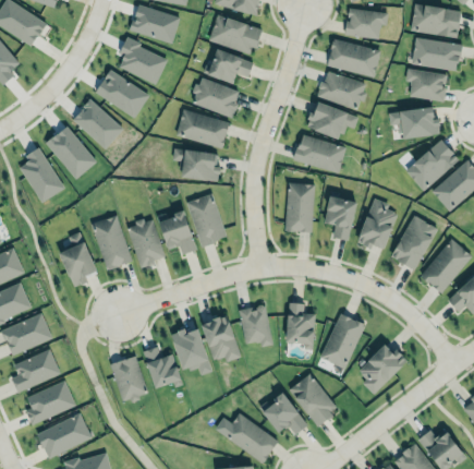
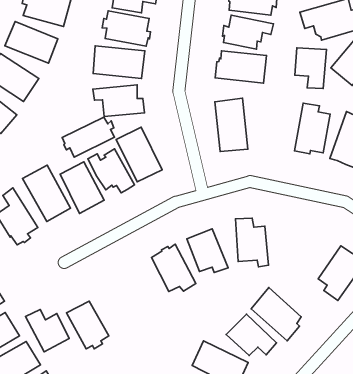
building: none -> [62,117,114,157]
building: [323,196,357,240] -> [295,48,326,88]
building: [317,309,367,370] -> none
building: [170,325,212,374] -> none
building: [143,347,181,388] -> [26,310,69,352]

